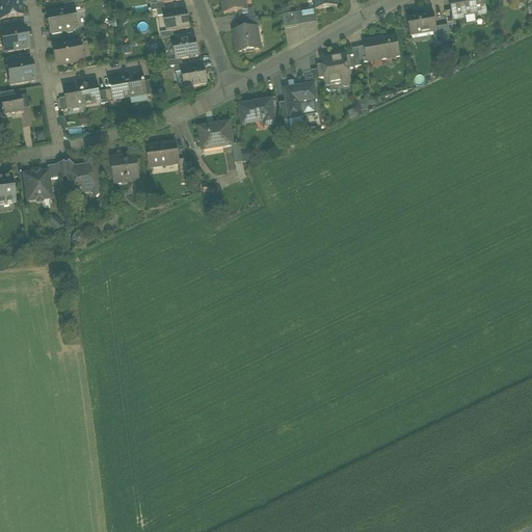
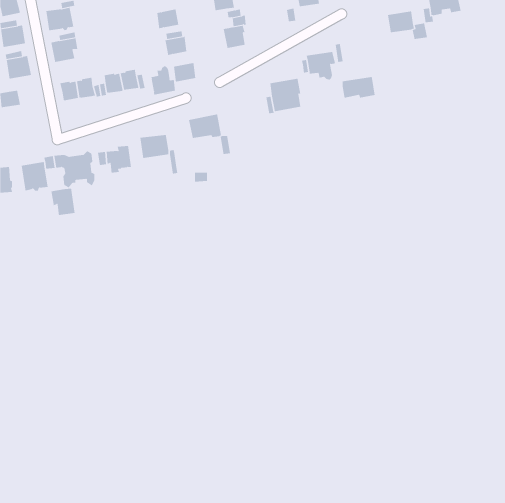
building: [363,34,398,60] -> [342,76,375,101]
building: none -> [151,65,175,95]
building: [239,98,275,125] -> none
building: none -> [51,188,75,216]

